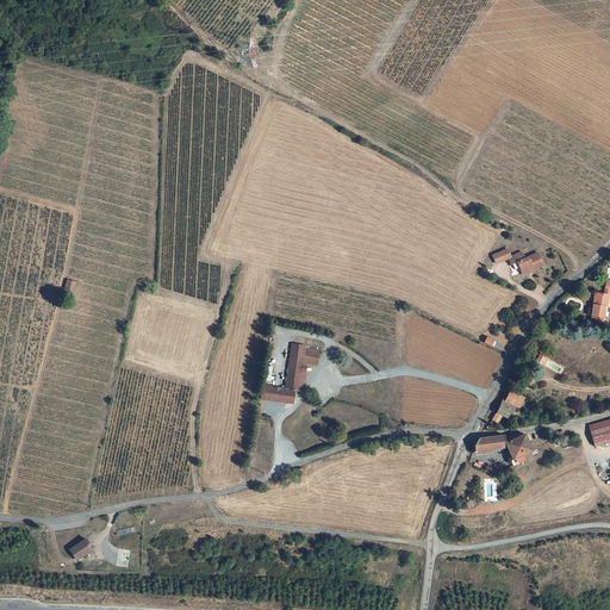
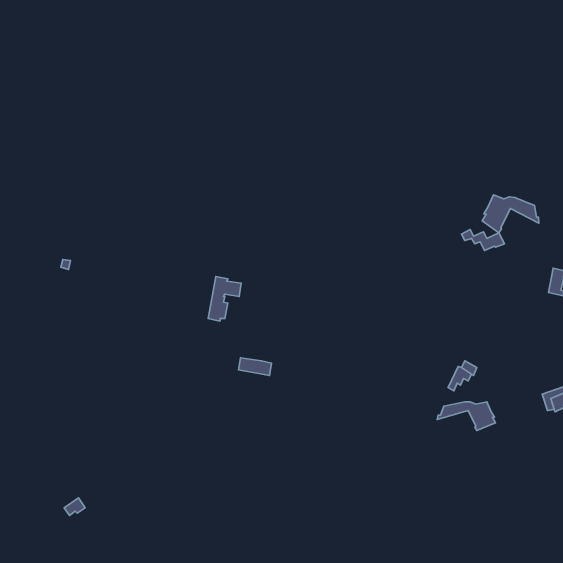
building: none -> [482,195,539,233]
building: [284,346,319,393] -> [208,277,241,321]

